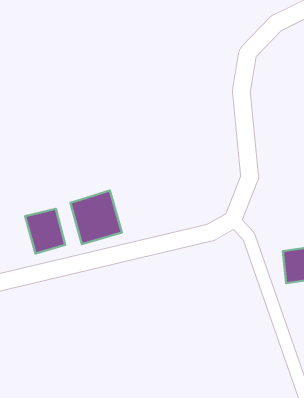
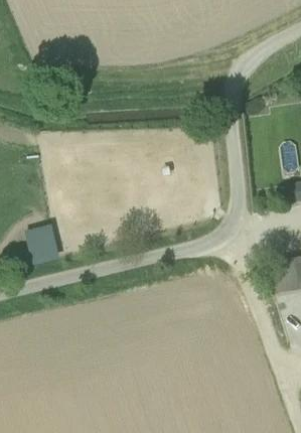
building: [70,190,122,244] -> none

